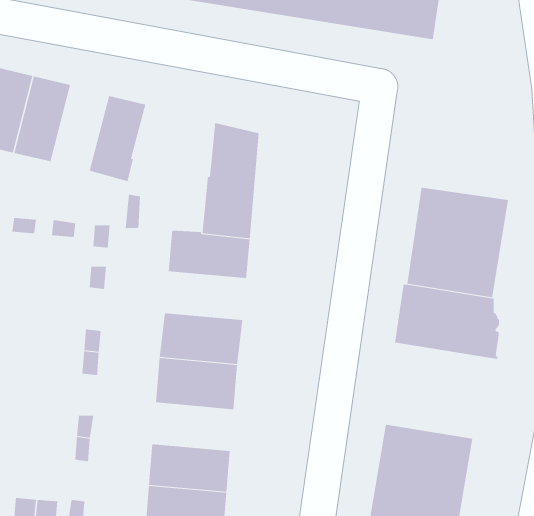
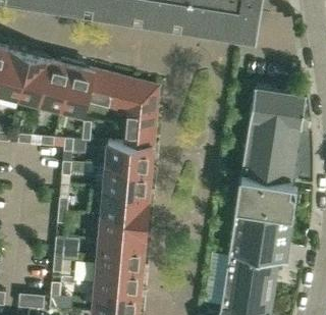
building: none -> [40,62,72,111]
building: none -> [86,73,132,114]
building: none -> [250,89,306,127]
building: none -> [104,168,151,196]
building: none -> [229,209,293,264]
building: none -> [97,243,144,270]

